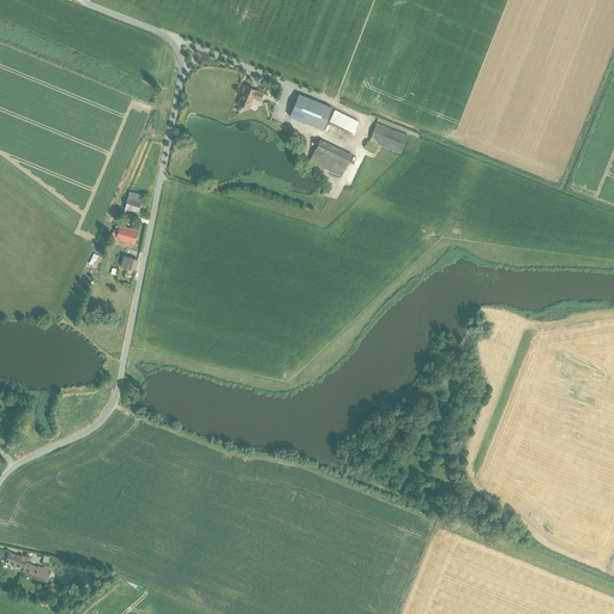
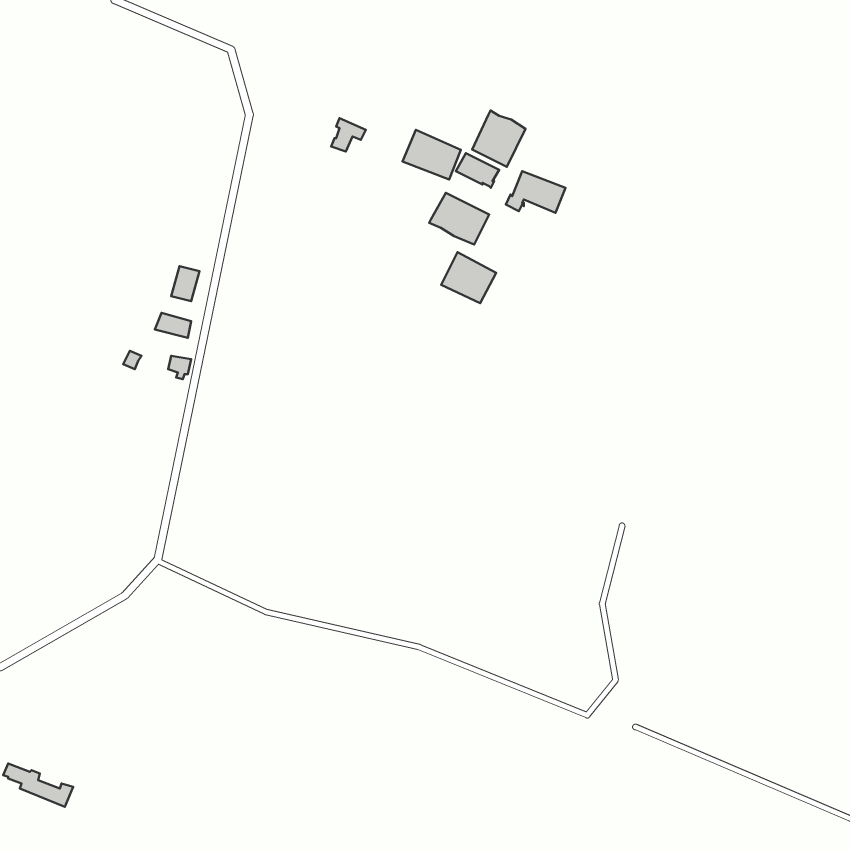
building: none -> [472,110,526,167]
building: none -> [441,252,496,303]

